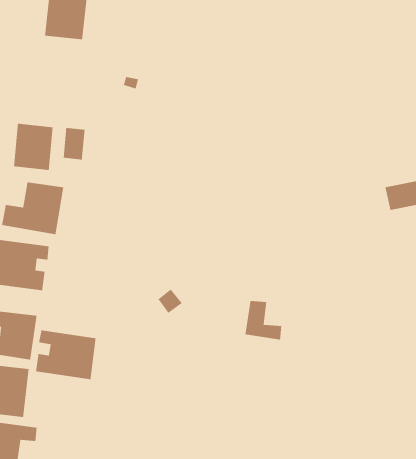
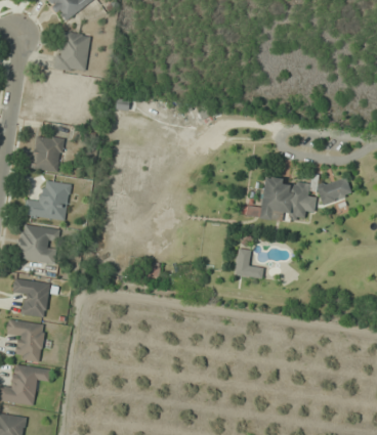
building: [63,127,85,161] -> none
building: none -> [259,177,316,221]
building: [245,300,282,340] -> [234,248,262,278]
building: [35,329,97,380] -> none

